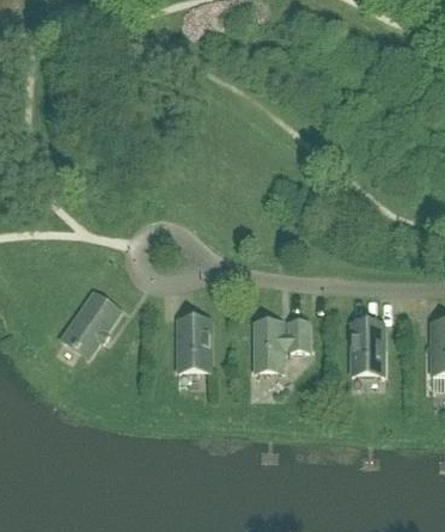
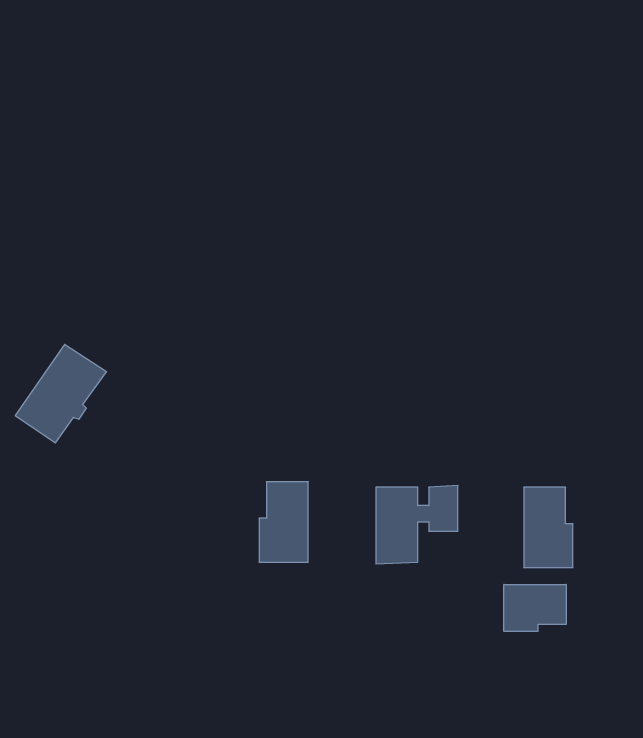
building: [61,291,121,355] -> [15,344,107,443]
building: none -> [504,584,566,631]

